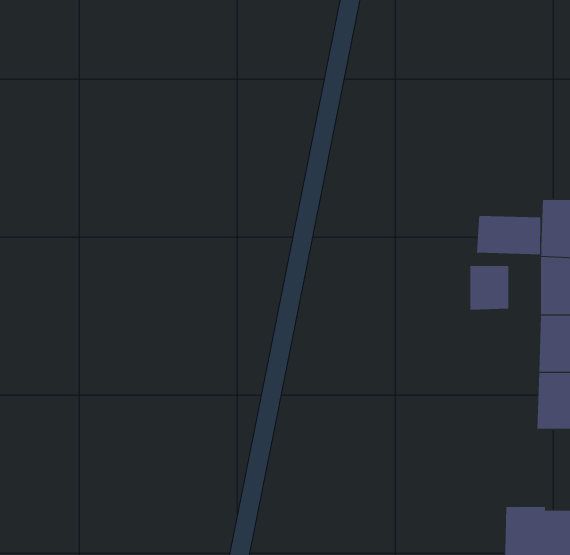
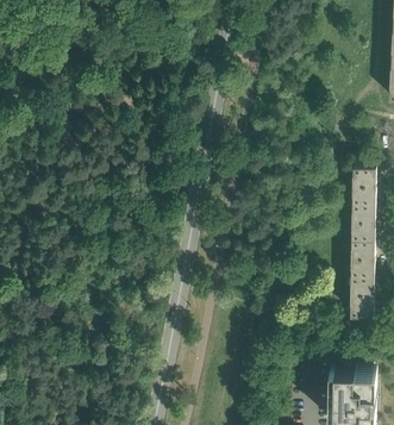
building: [477,215,541,255] -> none
building: [470,265,509,310] -> none

